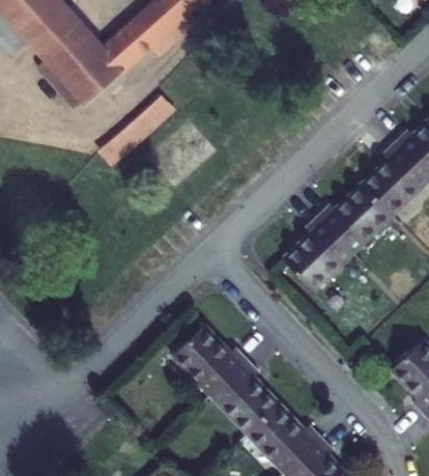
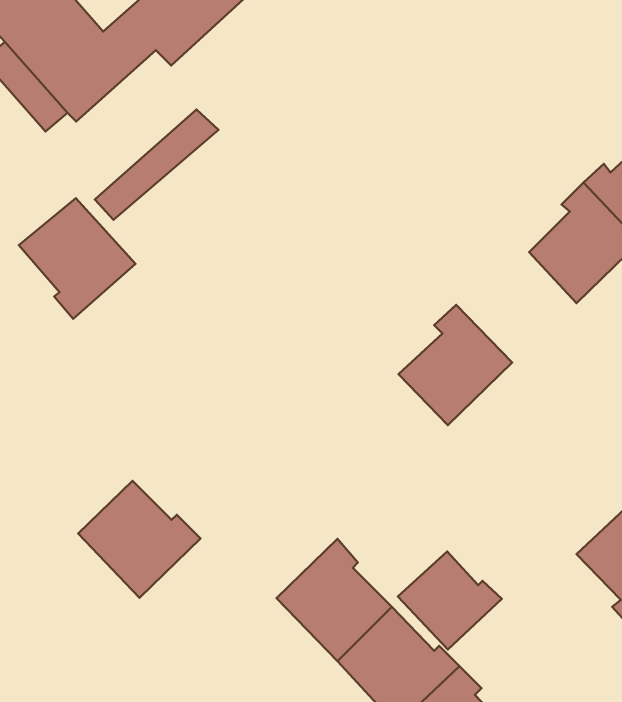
building: none -> [19,198,135,319]
building: [319,184,393,251] -> none
building: [172,324,247,395] -> [78,481,200,598]
building: none -> [398,551,502,650]

